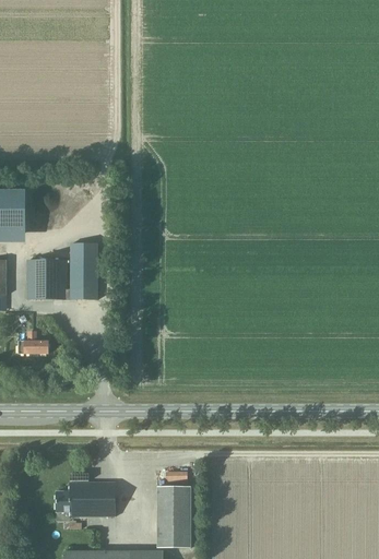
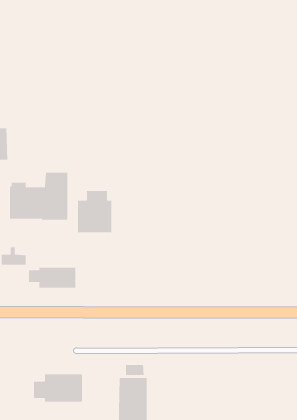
building: none -> [78,190,112,233]
building: none -> [28,267,76,288]

